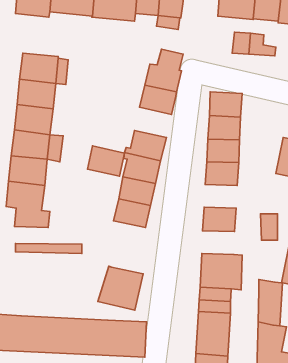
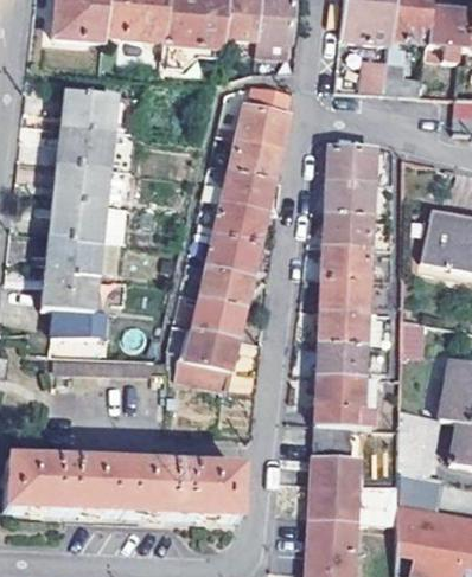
building: [87,146,124,176] -> [223,166,275,209]
building: none -> [321,275,368,308]
building: none -> [318,340,364,373]
building: [98,266,143,310] -> [174,325,238,386]

